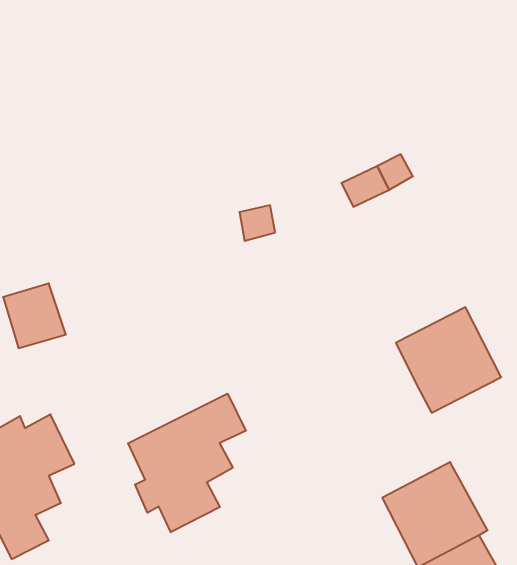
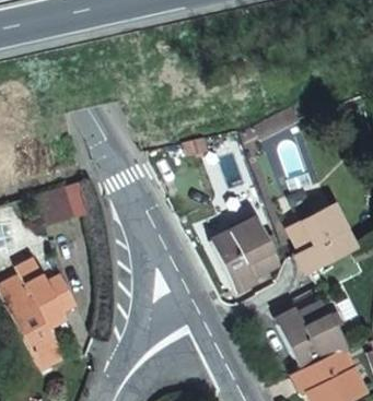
building: none -> [210,220,279,287]
building: [128,394,246,532] -> none

